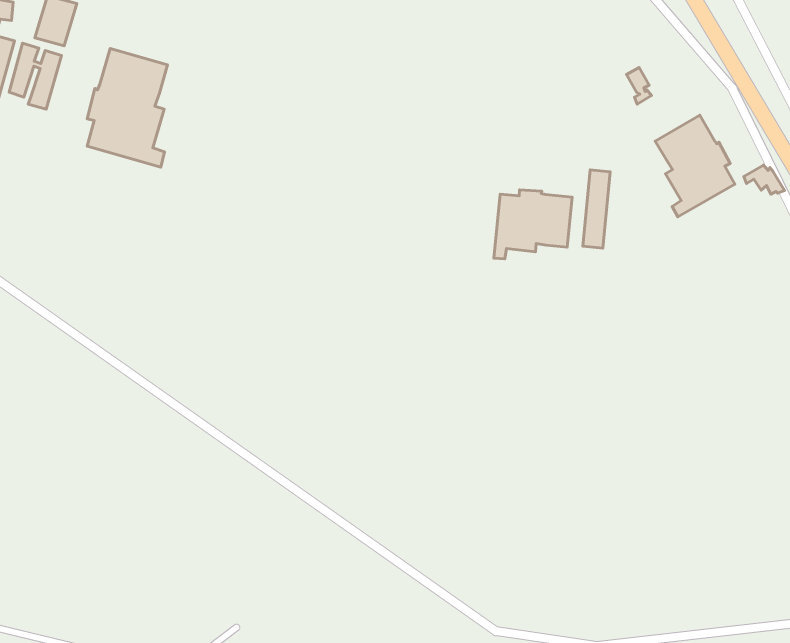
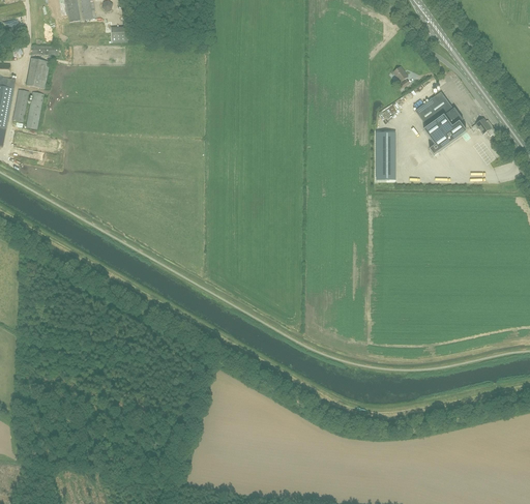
building: [87,48,168,167] -> none
building: [494,190,572,259] -> none

